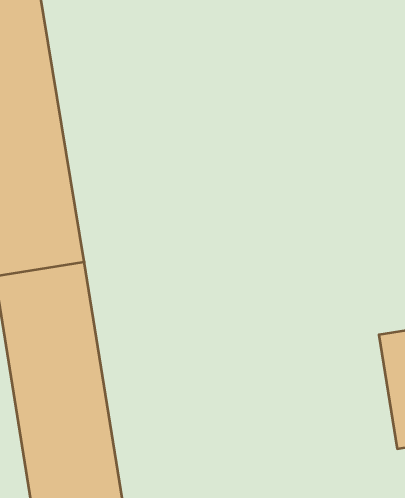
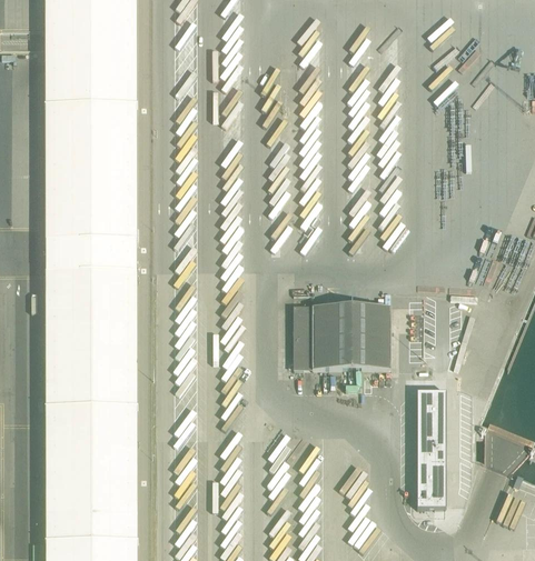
building: none -> [293,305,390,369]

